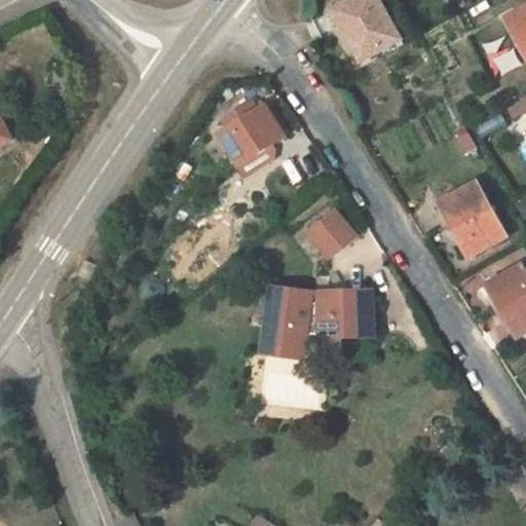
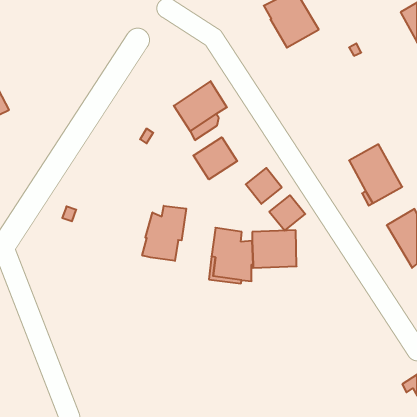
building: none -> [193,137,237,179]
building: none -> [269,195,305,231]
building: none -> [142,206,186,261]

